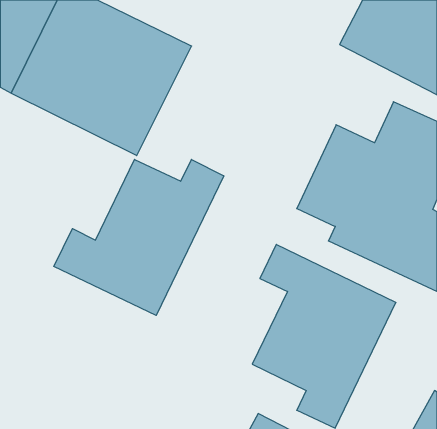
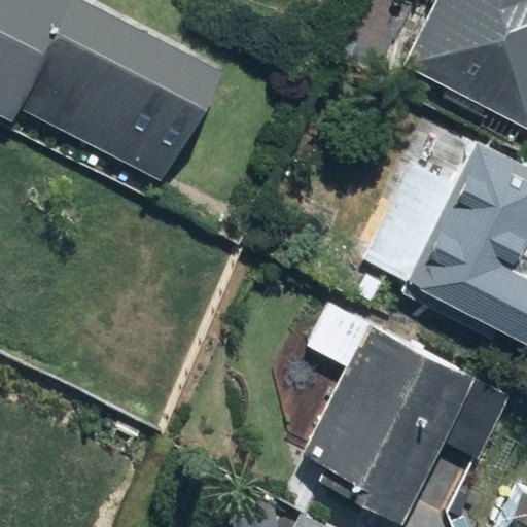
building: [54,159,224,315] -> none

